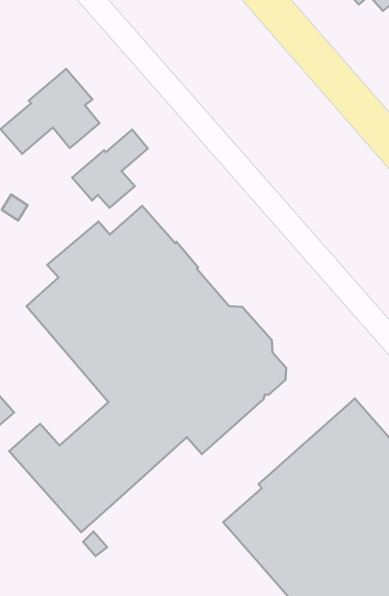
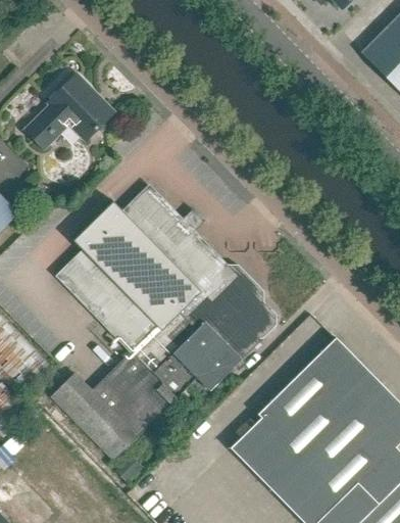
building: [72,129,148,208] -> none

